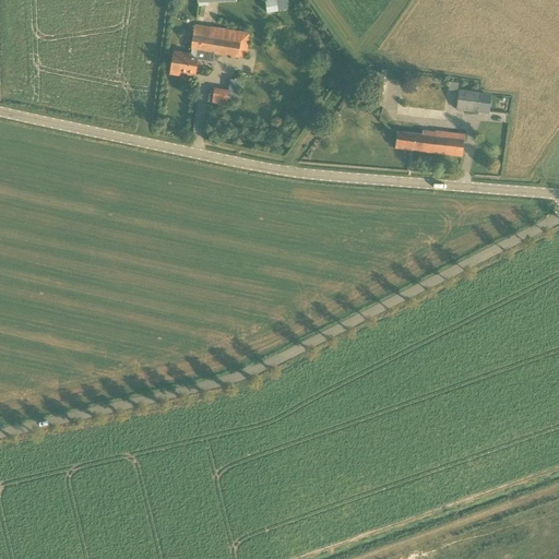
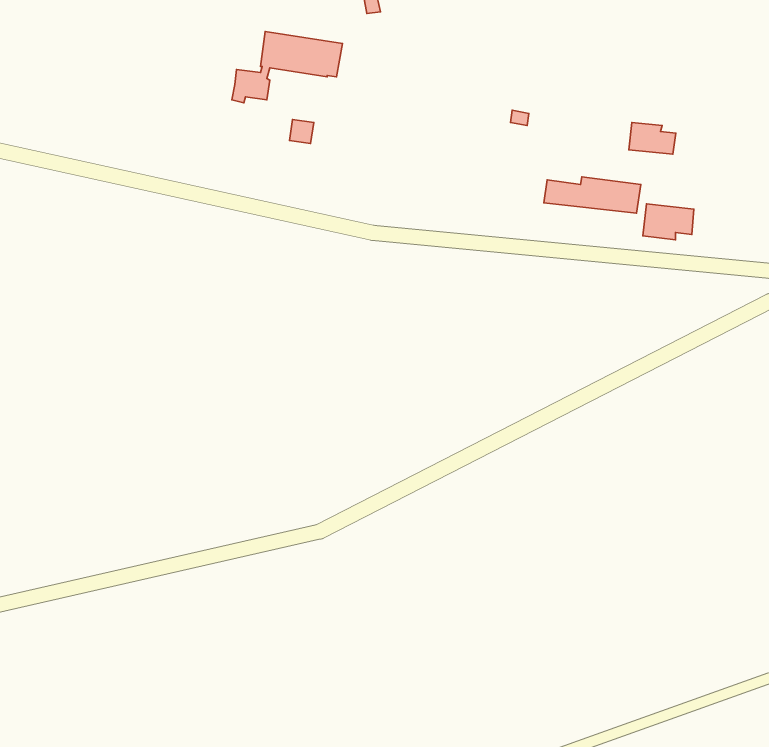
building: none -> [643,204,694,240]

